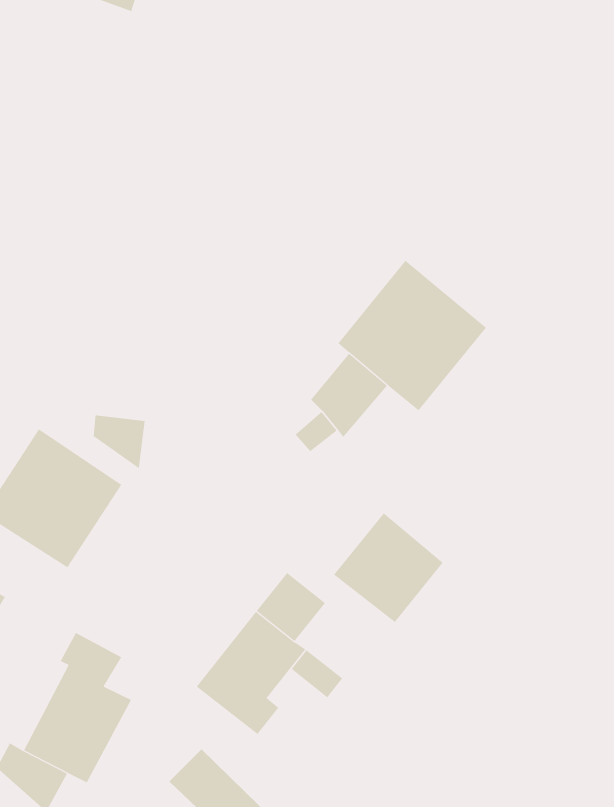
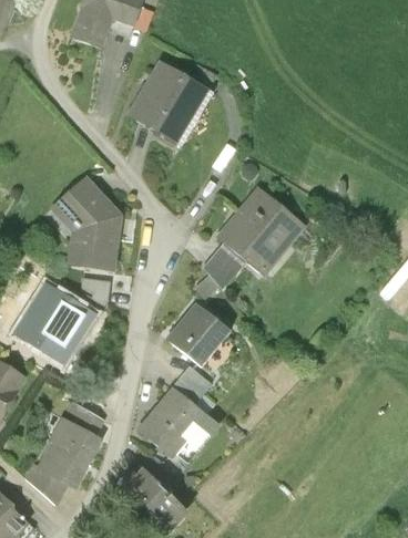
building: none -> [130,61,207,141]
building: none -> [52,175,122,269]
building: [333,512,444,623] -> [167,302,231,365]

